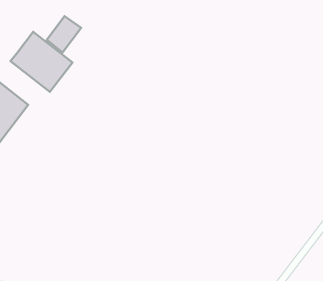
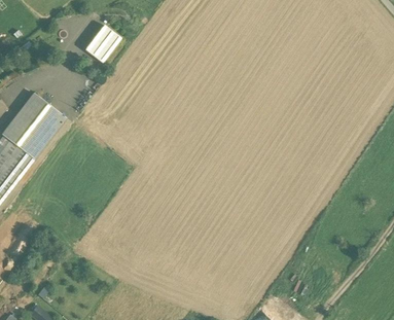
building: [11,32,73,92] -> none

